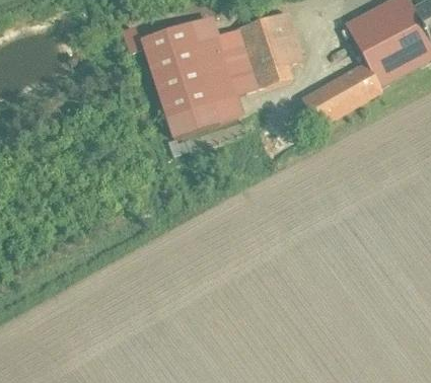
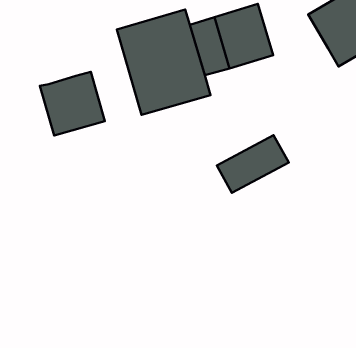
building: [307,62,384,124] -> [217,135,289,193]
building: none -> [40,72,105,136]

